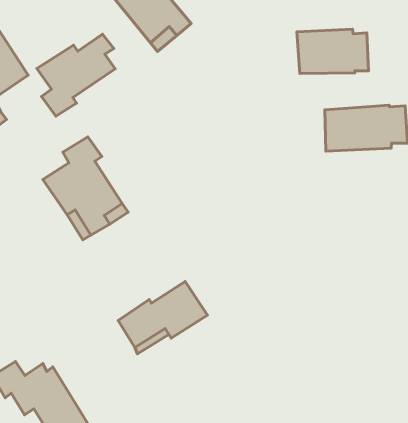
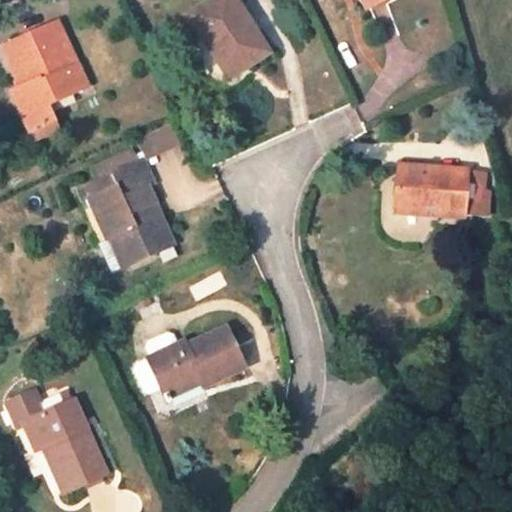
building: [297,29,368,74] -> none
building: [37,34,115,116] -> none

